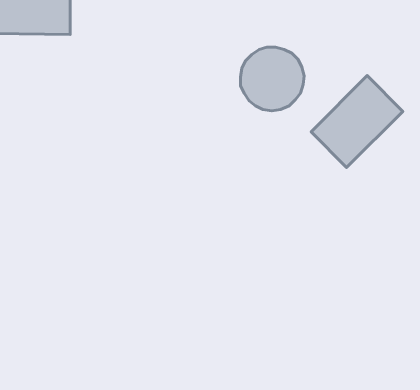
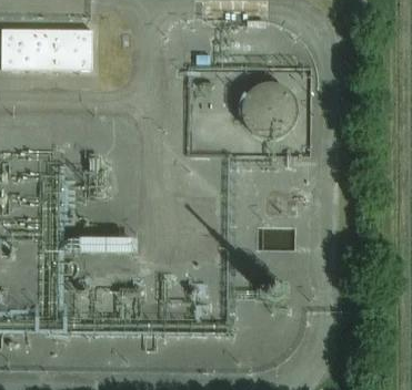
building: [311,76,403,168] -> none

